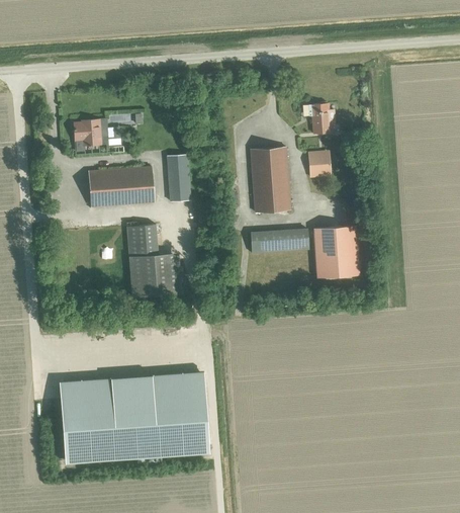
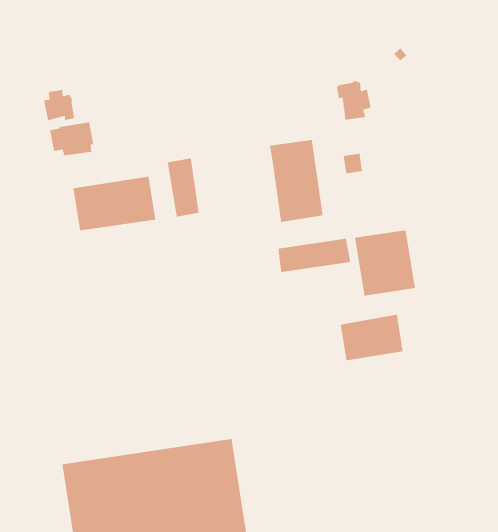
building: none -> [43,89,74,121]
building: [126,222,181,306] -> none
building: none -> [340,314,403,361]

